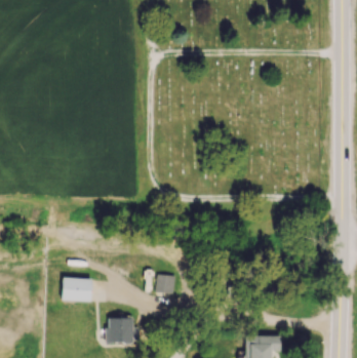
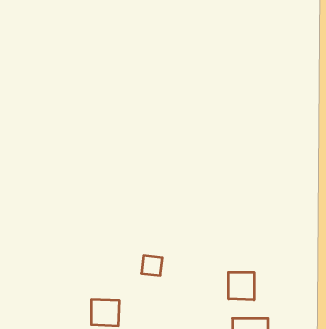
building: [62,278,91,302] -> none
building: none -> [228,272,254,300]

